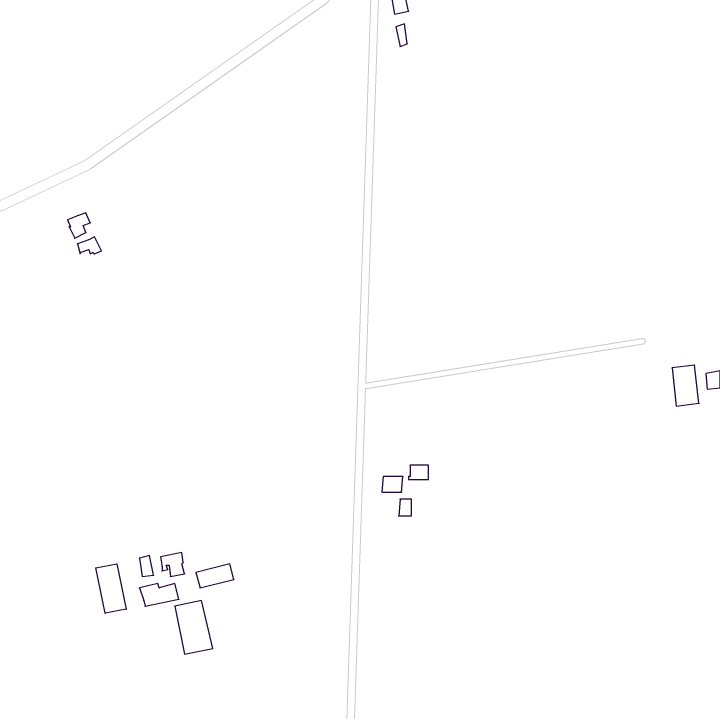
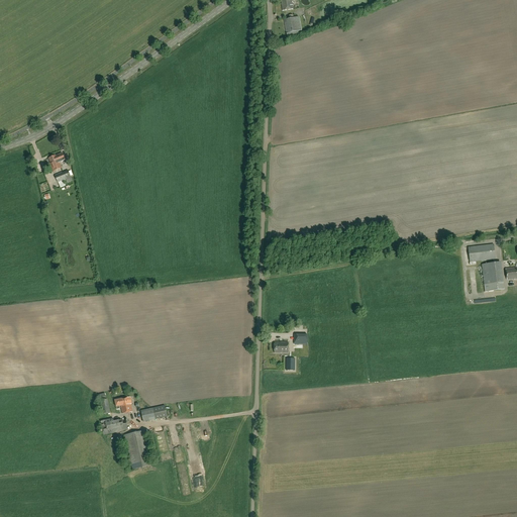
building: none -> [469,243,495,262]
building: [96,564,126,613] -> none

